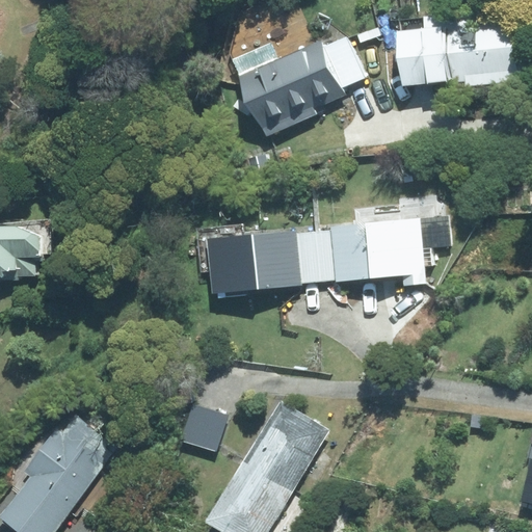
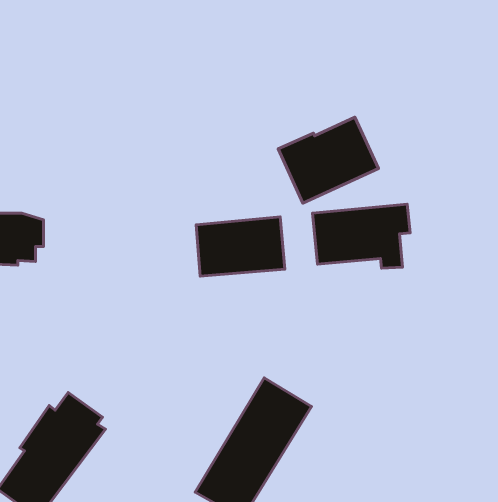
building: [400,11,516,86] -> none
building: [240,41,346,131] -> [278,117,379,203]
building: [179,404,225,453] -> none

